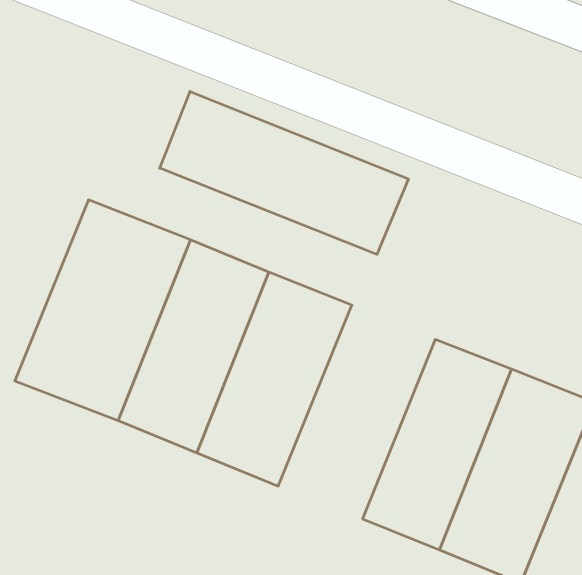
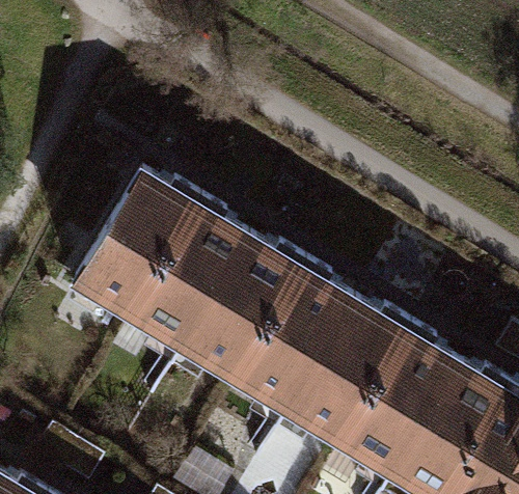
building: [160,91,408,254] -> none
building: none -> [238,272,365,422]

